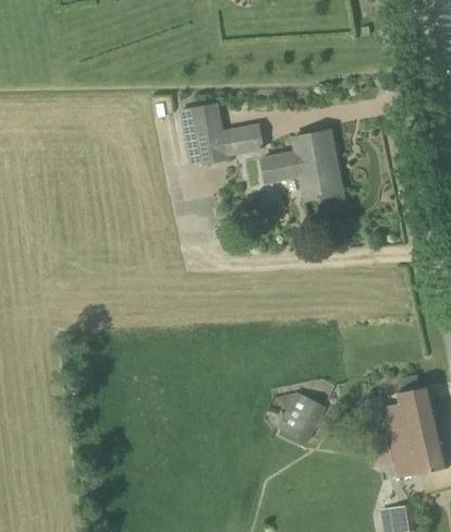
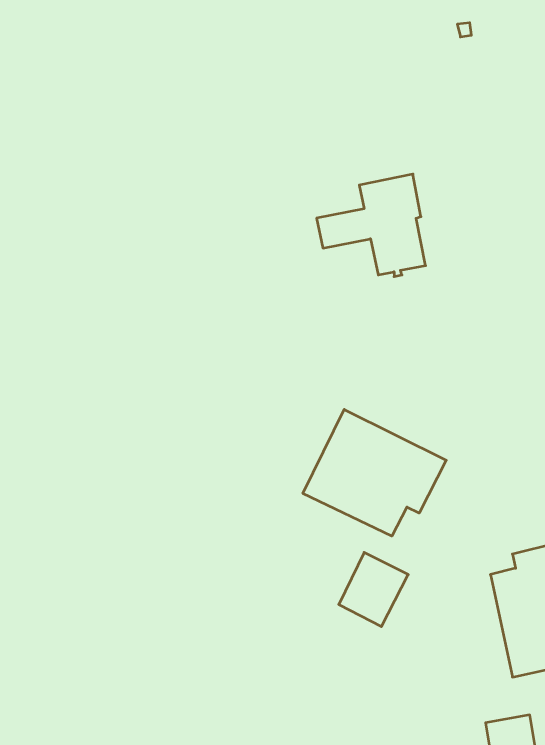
building: [166,104,263,166] -> none
building: none -> [303,409,446,536]

